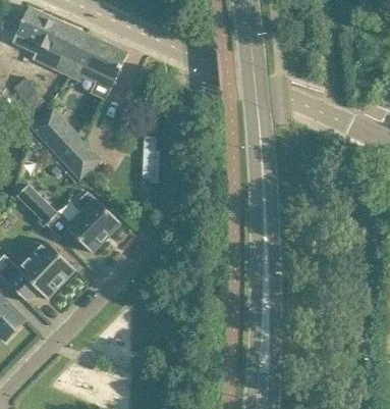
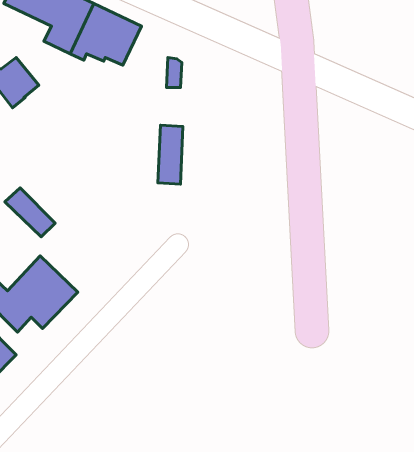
building: [34,110,101,180] -> none
building: [67,193,121,254] -> none

